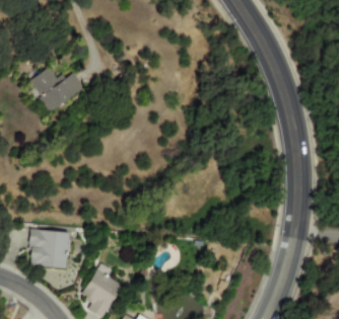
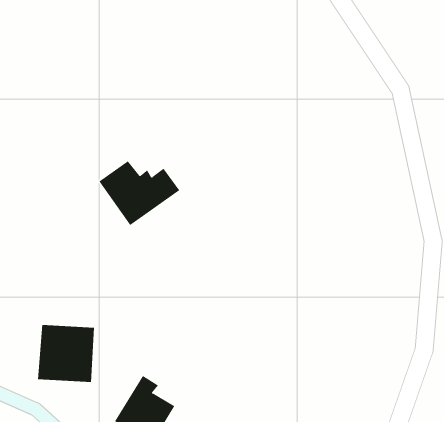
building: [28,67,84,111] -> [99,161,180,226]

